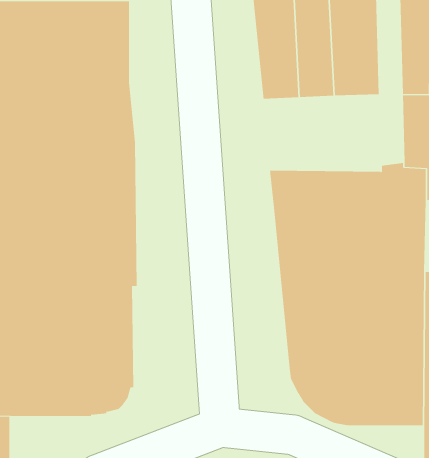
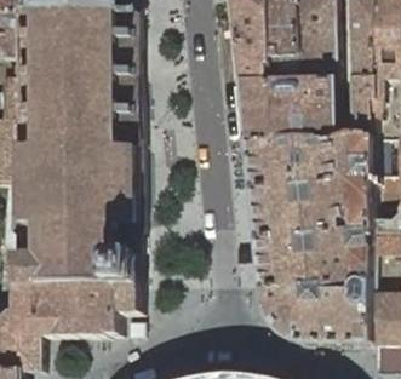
building: none -> [241,76,336,138]

